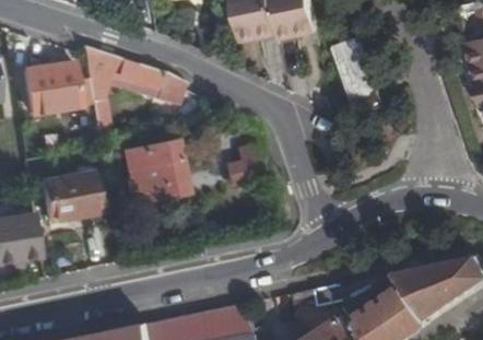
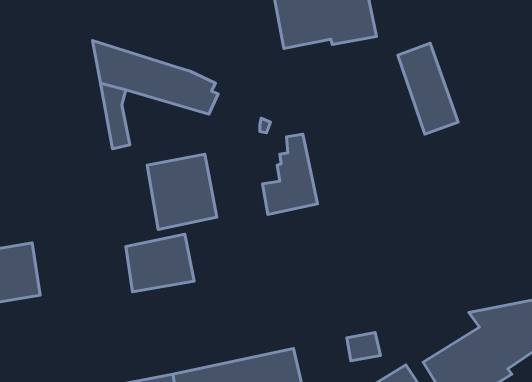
building: [26,66,80,117] -> none
building: [42,169,97,216] -> [126,234,194,292]

